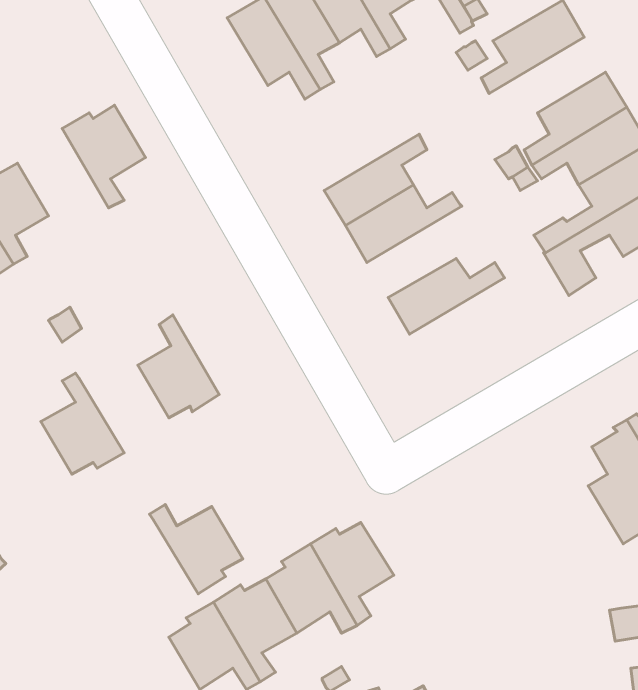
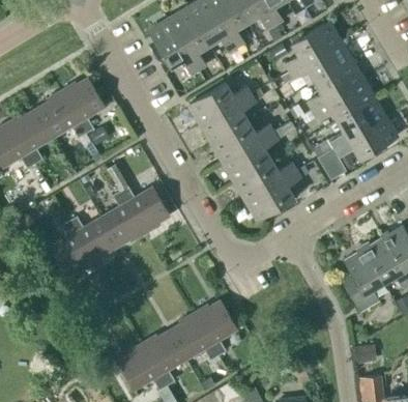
building: none -> [289,41,351,82]
building: none -> [190,82,252,123]
building: none -> [37,90,86,138]
building: none -> [224,120,294,180]
building: none -> [246,170,301,220]
building: none -> [120,185,170,232]
building: [150,505,243,594] -> [68,216,118,263]

